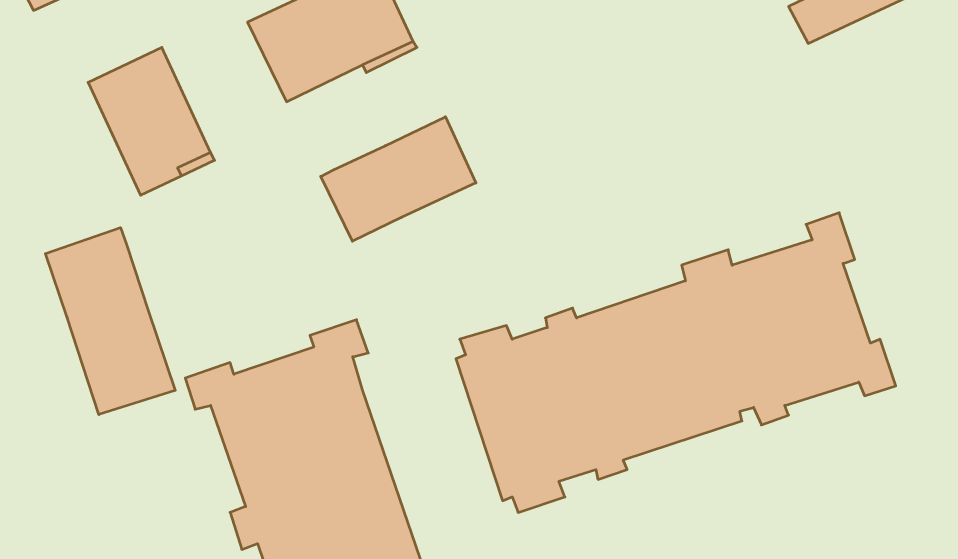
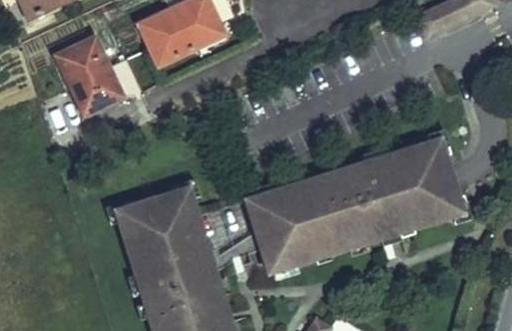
building: [321,117,476,241] -> none
building: [45,228,175,415] -> none

